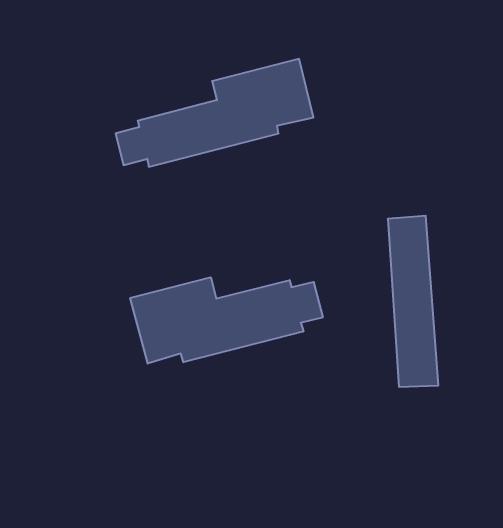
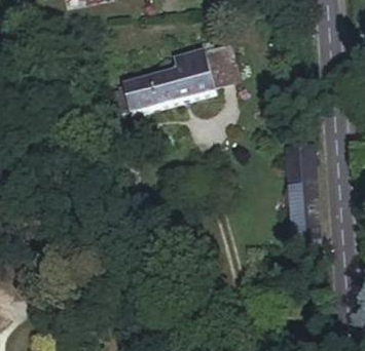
building: [130,277,323,364] -> none

